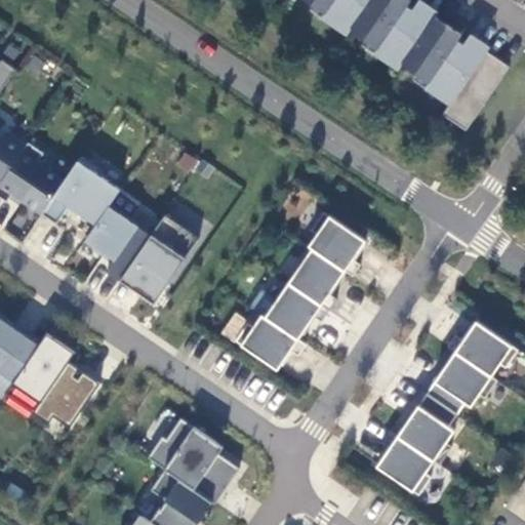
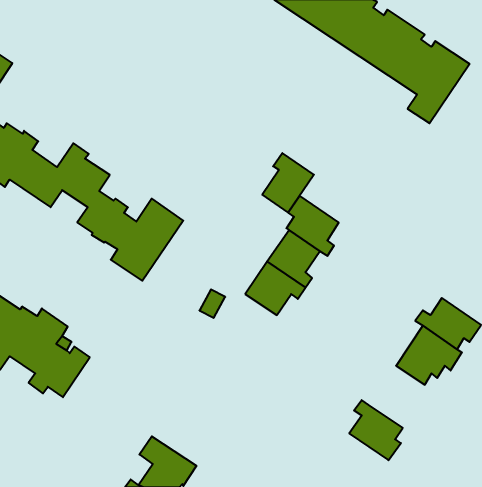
building: none -> [262,153,314,212]
building: [234,313,305,369] -> none
building: [396,393,456,463] -> none
building: [147,417,238,502] -> none

